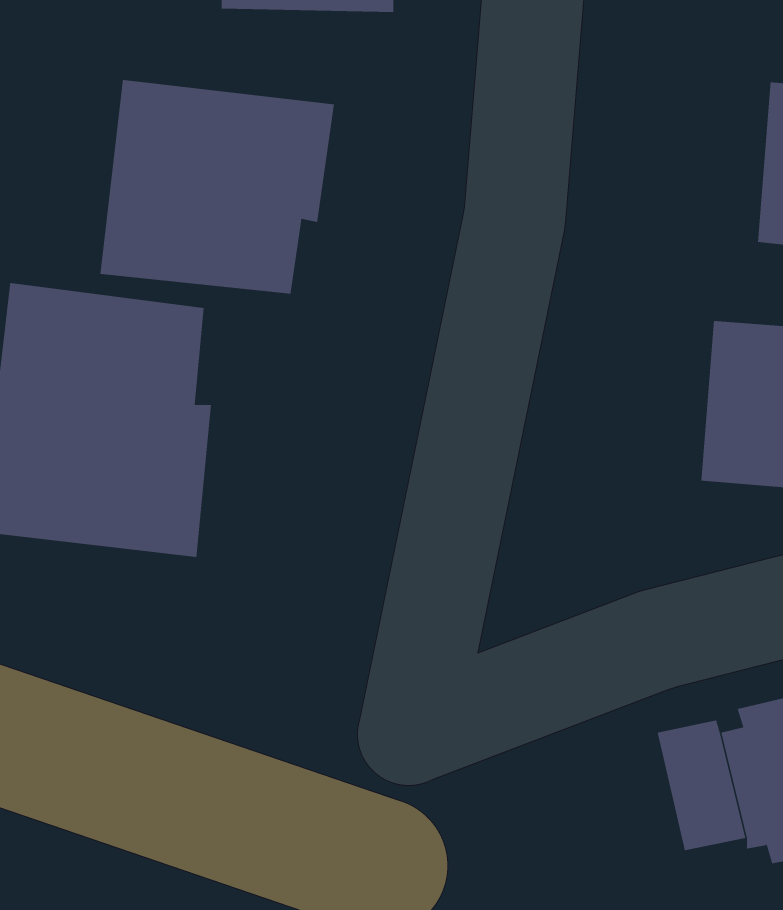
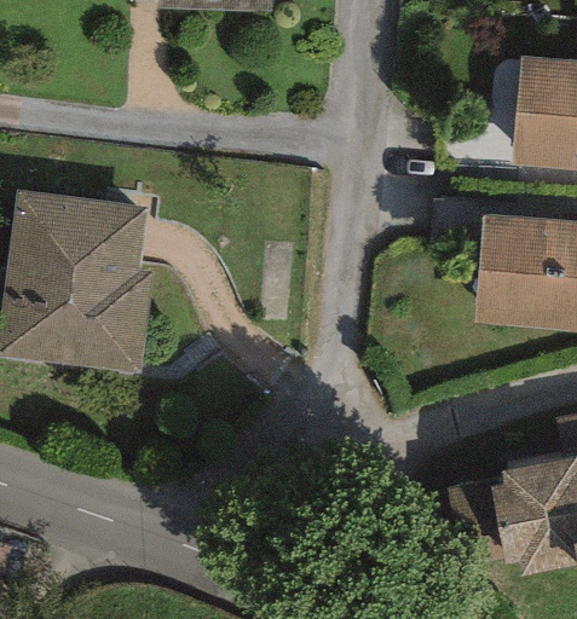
building: [100,79,335,295] -> none

